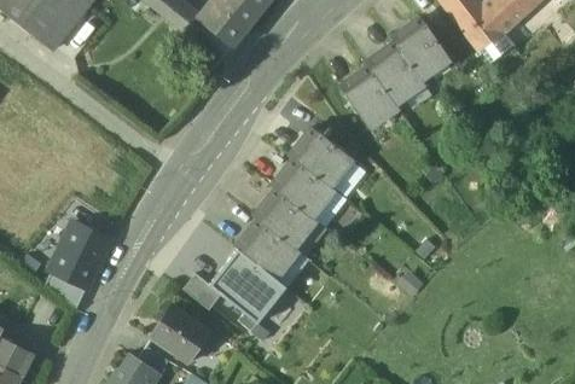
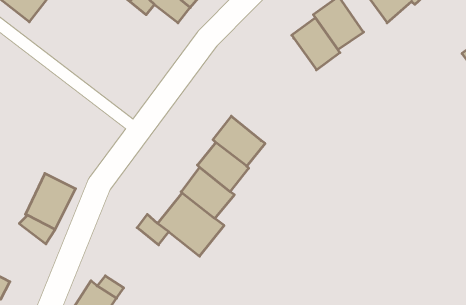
building: [339,66,397,128] -> none
building: [290,128,352,187] -> none
building: [151,307,209,362] -> none

